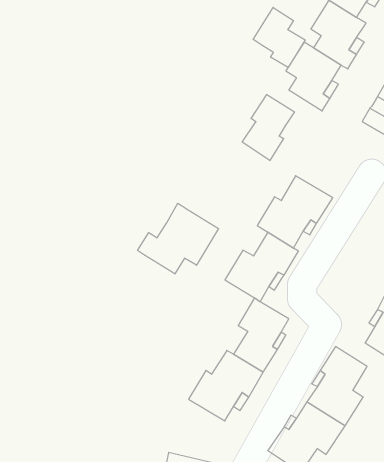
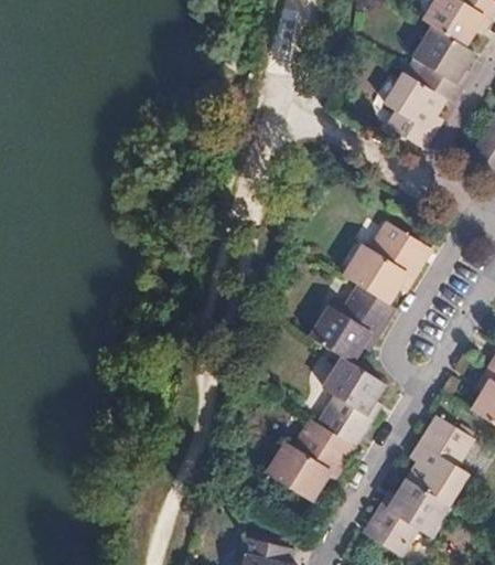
building: [253,7,305,68] -> none
building: [242,95,295,161] -> none
building: [138,203,219,274] -> none

